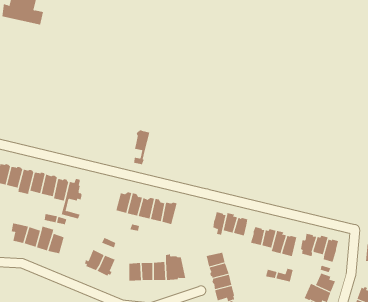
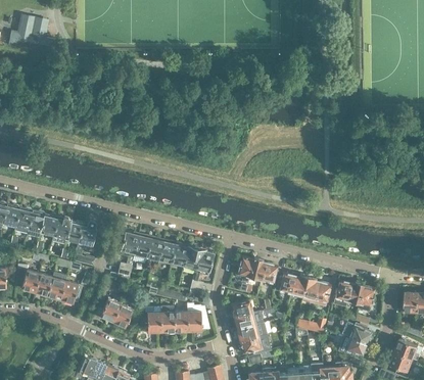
building: [133,130,150,165] -> [121,233,139,271]
building: none -> [192,247,215,287]

